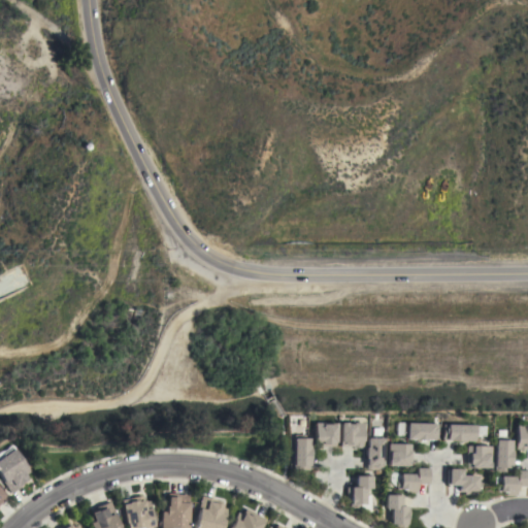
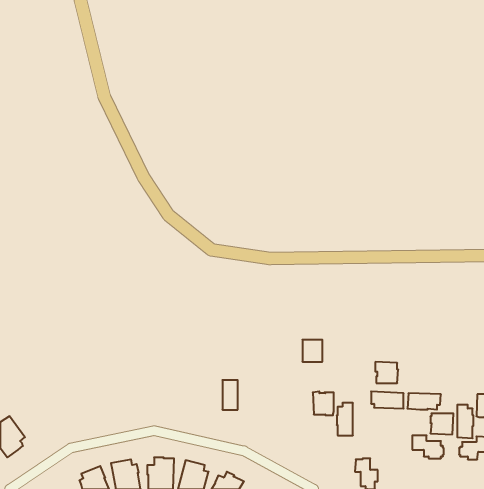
building: [317,423,338,447] -> [302,340,322,362]
building: [296,438,312,470] -> [222,380,238,410]
building: [390,443,415,466] -> [375,362,398,383]
building: [399,468,432,493] -> none
building: [350,474,375,507] -> none

